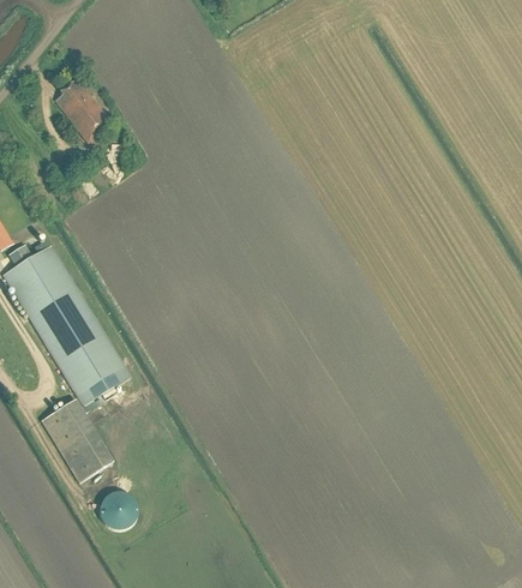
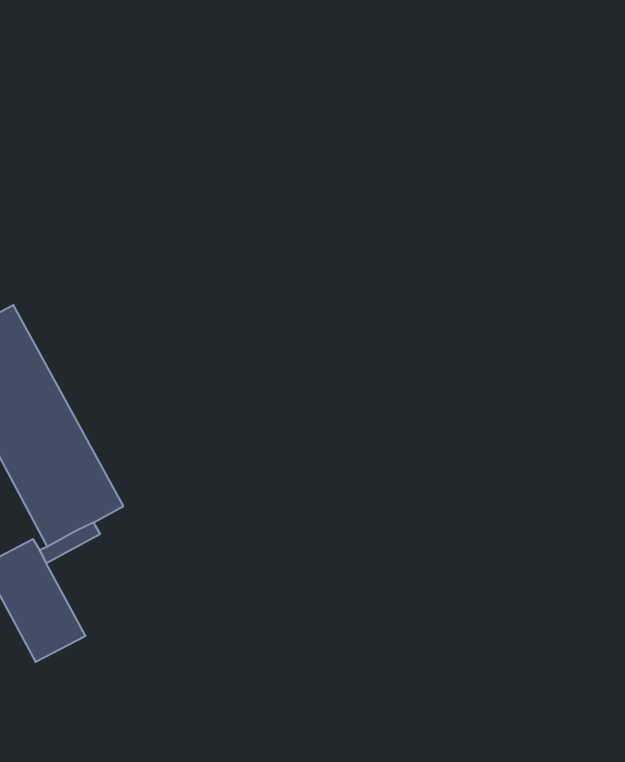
building: [54,76,113,142] -> none
building: [100,491,138,529] -> none

